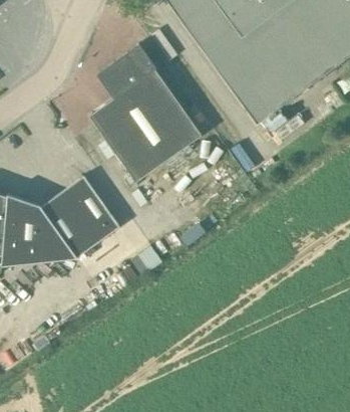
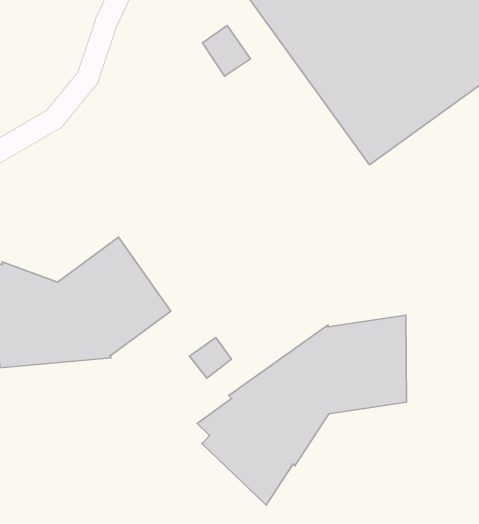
building: [89,44,202,182] -> none
building: none -> [197,315,407,505]

